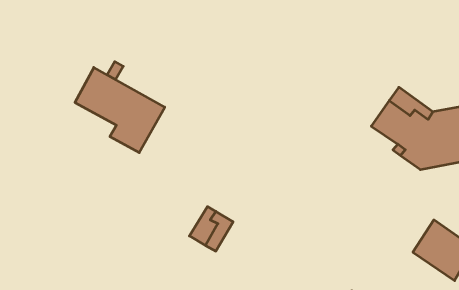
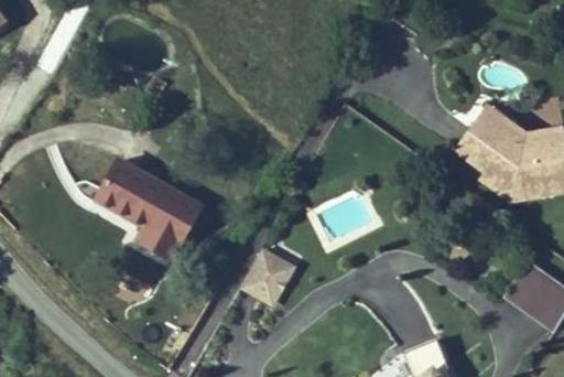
building: [75,67,165,153] -> [97,160,202,259]

